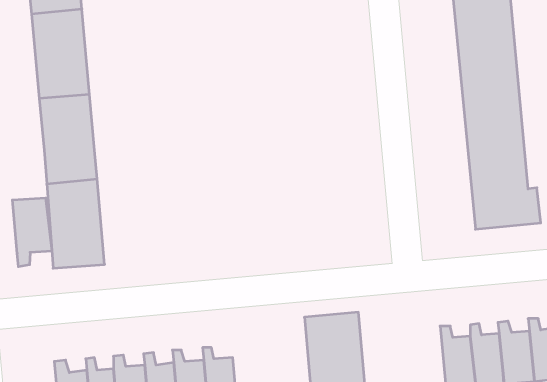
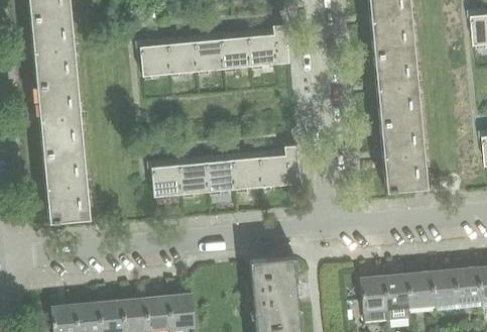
building: none -> [141,25,290,76]
building: none -> [150,145,300,197]
building: [12,198,52,267] -> none

